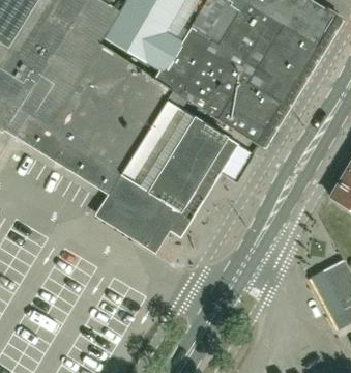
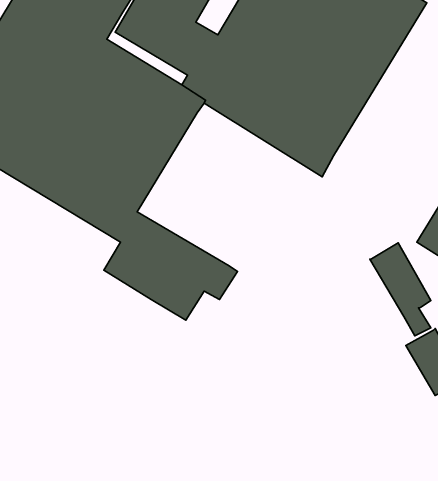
building: [122,98,235,212] -> none
building: none -> [370,243,431,336]

